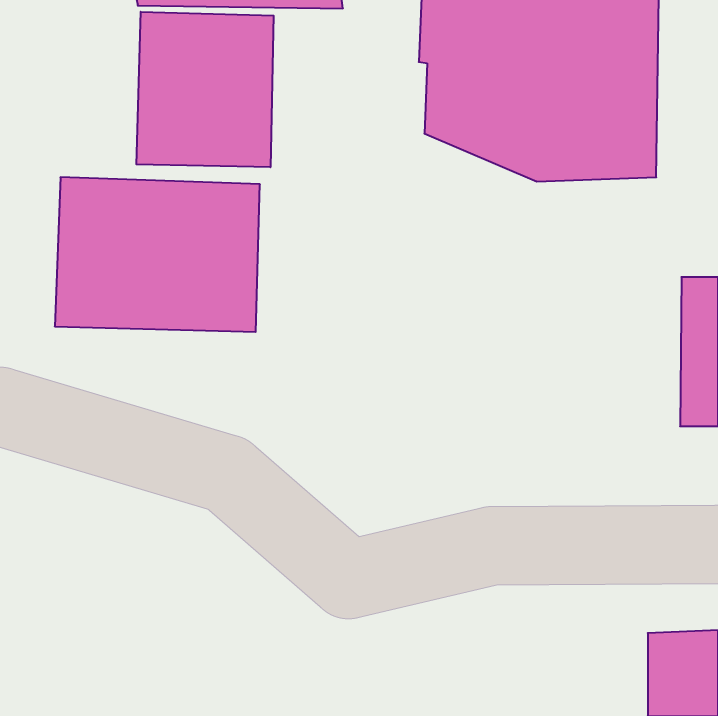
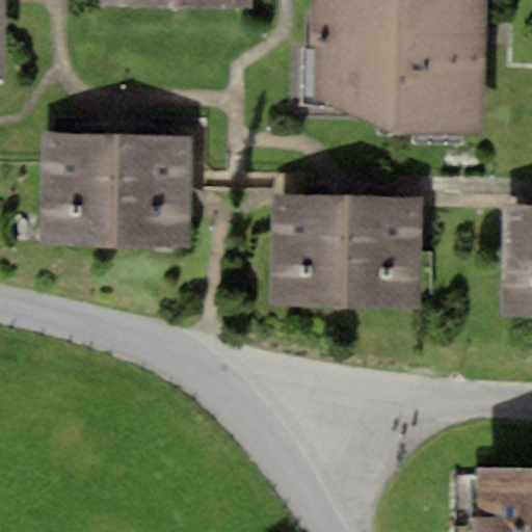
building: [136,12,274,167] -> none
building: none -> [270,194,421,308]

